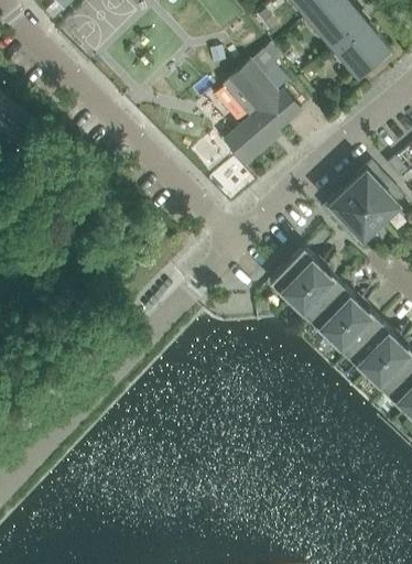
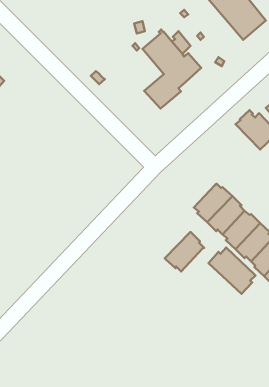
building: [326,188,379,242] -> none
building: [268,248,321,301] -> [165,232,204,271]
building: none -> [209,248,256,294]

